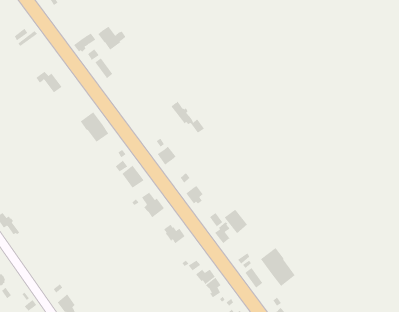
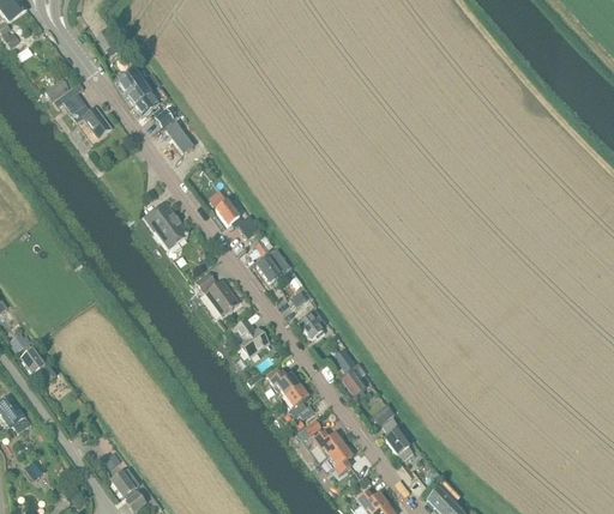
building: [98,26,126,50] -> [116,68,158,104]
building: [35,71,63,93] -> [71,104,110,137]
building: [170,101,205,133] -> [207,189,258,237]
building: [224,209,248,234] -> none
building: none -> [281,383,313,418]
building: [260,247,296,287] -> none

